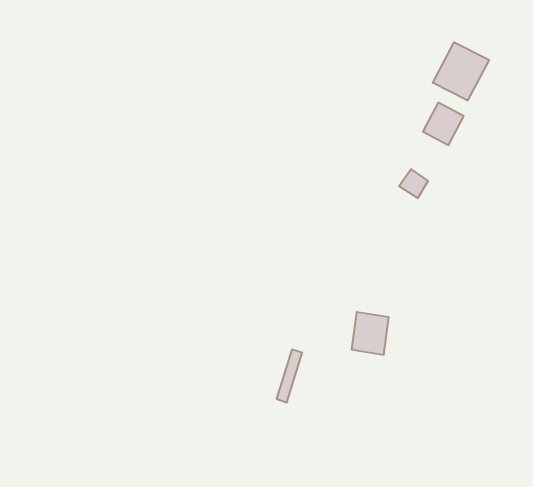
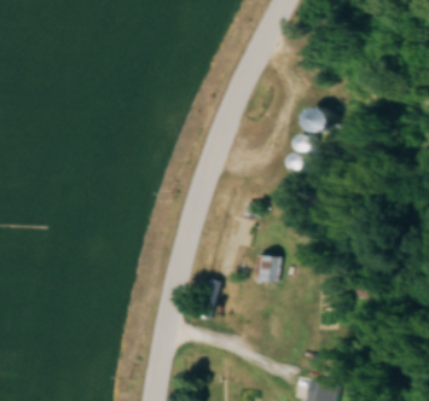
building: [433,42,489,100] -> none

